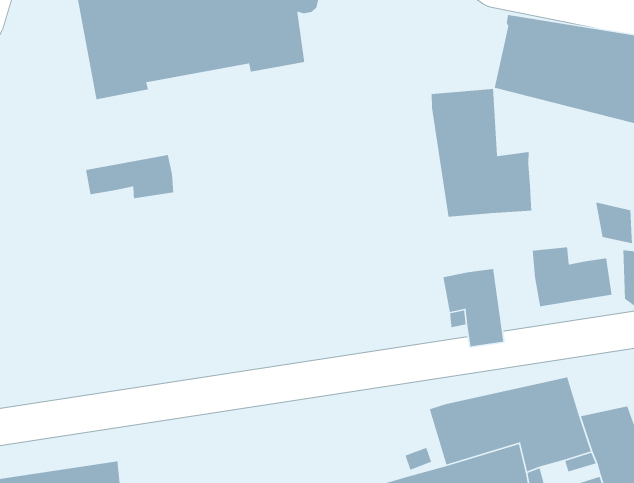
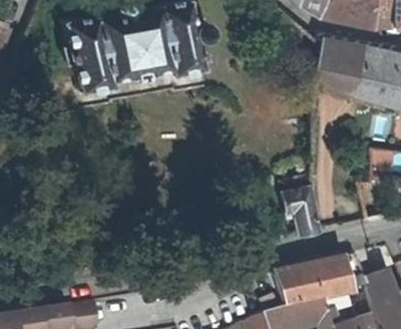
building: [431,88,532,218] -> none
building: [85,154,174,199] -> none
building: [532,246,612,307] -> none

